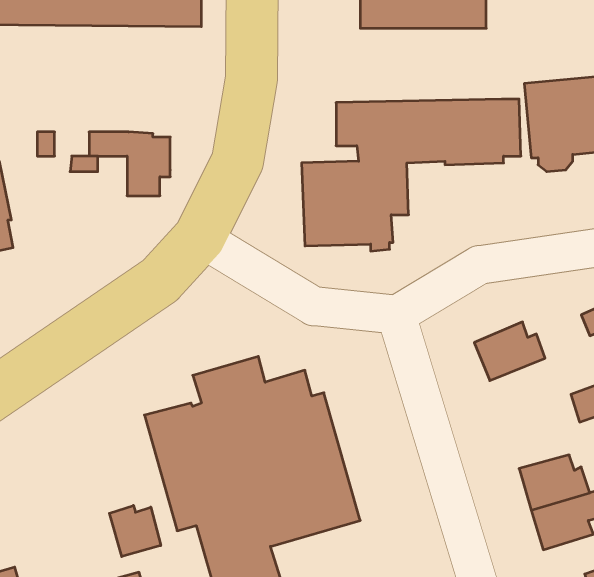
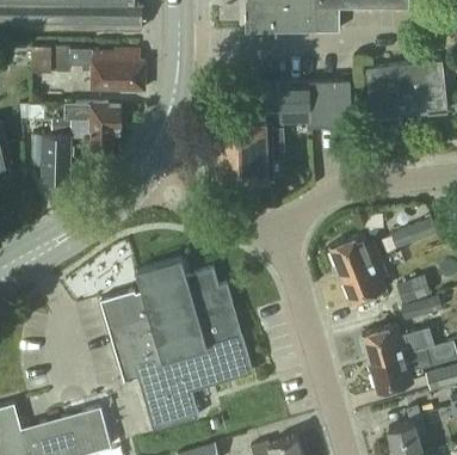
building: none -> [31,45,144,88]
building: none -> [32,135,70,180]
building: none -> [341,259,387,301]
building: [109,505,161,557] -> none

